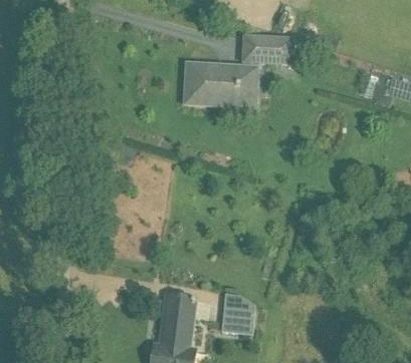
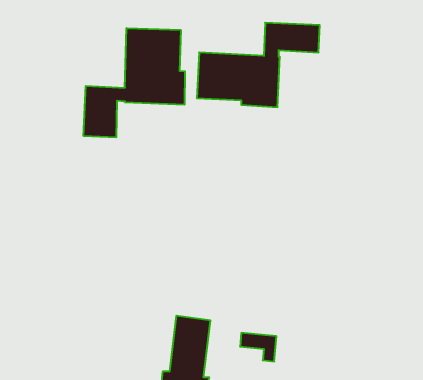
building: none -> [84,28,185,137]

